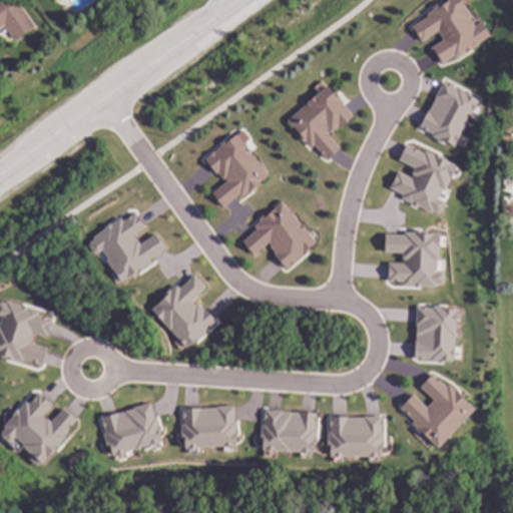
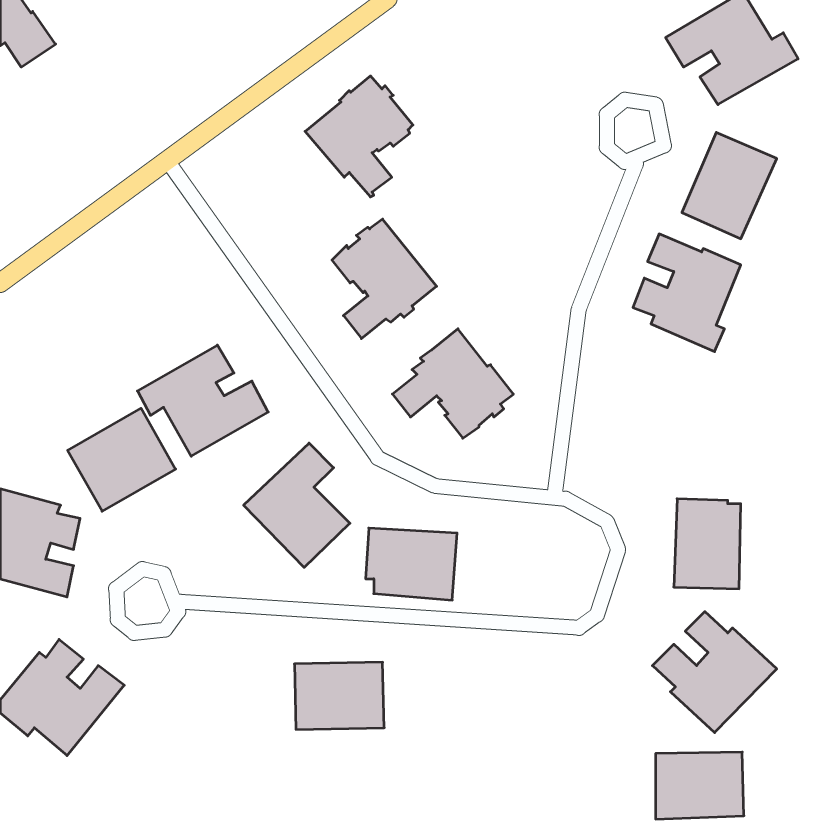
building: [287,85,353,159] -> [305,76,413,197]
building: [384,229,444,286] -> none
building: none -> [68,408,176,511]
building: [100,403,162,455] -> none
building: [261,409,317,453] -> [366,528,457,600]
building: [329,416,383,457] -> [656,752,744,819]

